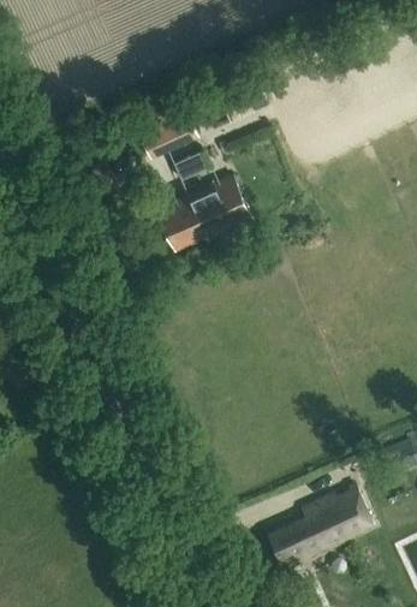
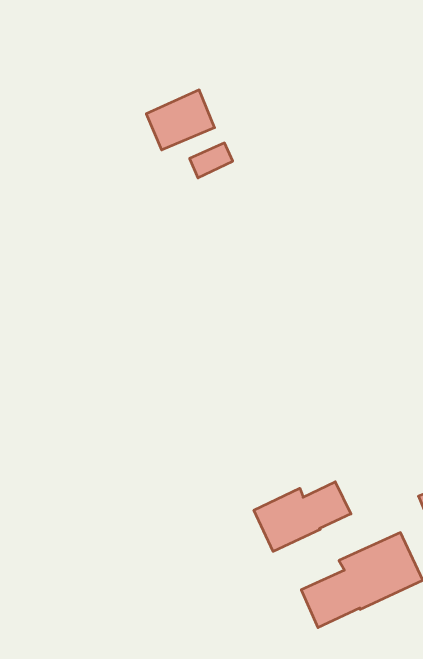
building: [159,175,251,248] -> none
building: none -> [254,482,351,551]

